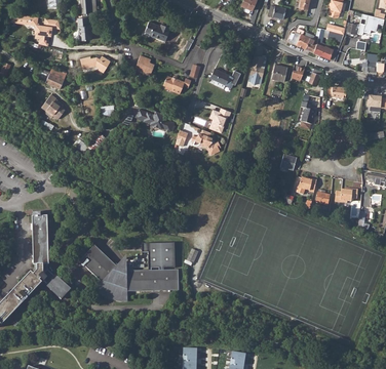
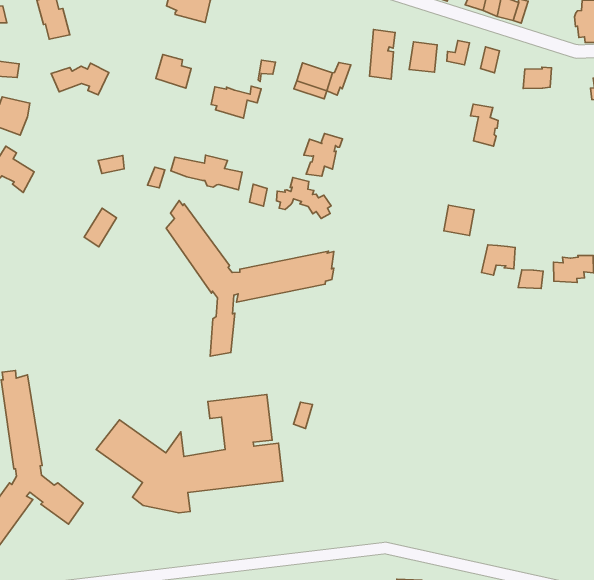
building: none -> [166,200,334,356]

